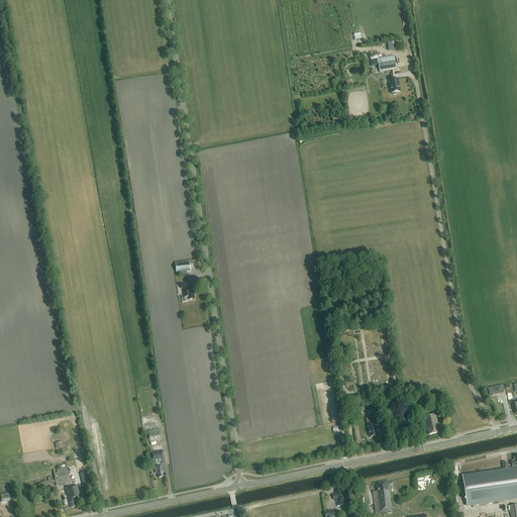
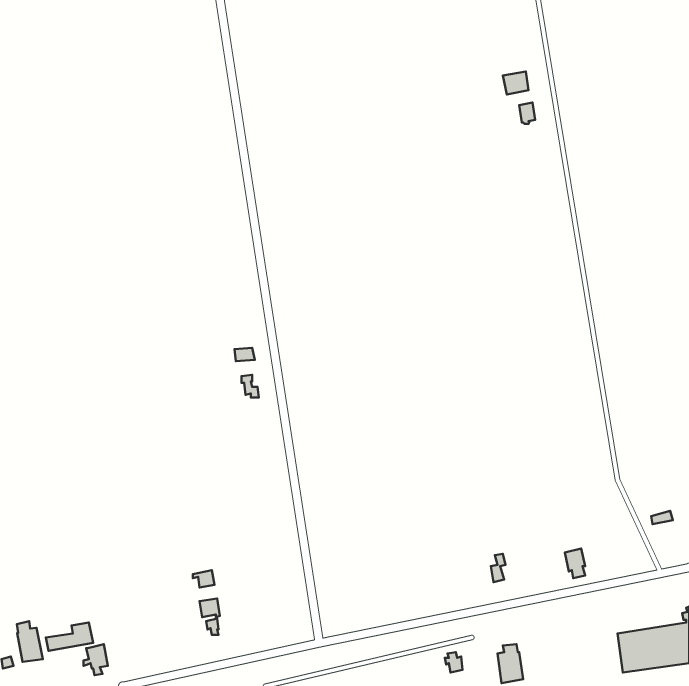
building: none -> [17,621,43,662]

